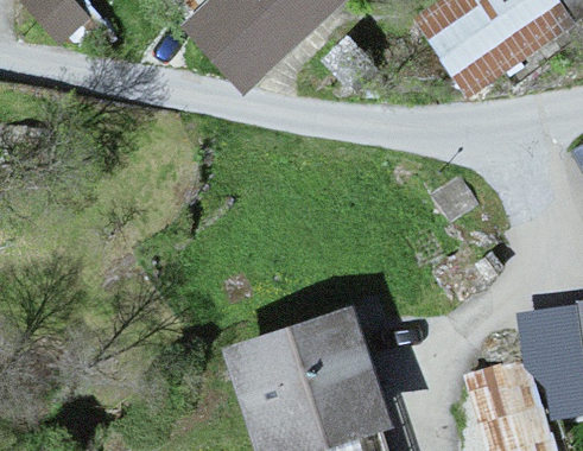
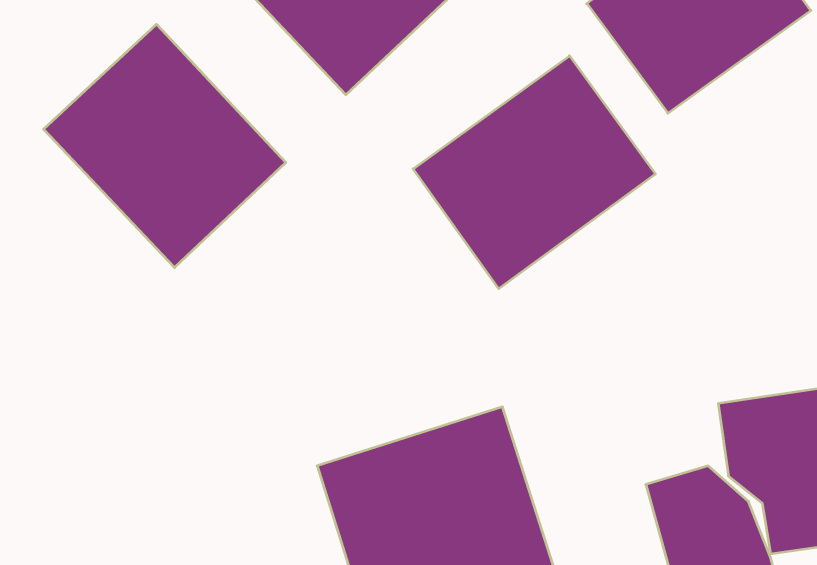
building: none -> [44,24,286,268]
building: none -> [413,56,655,289]

